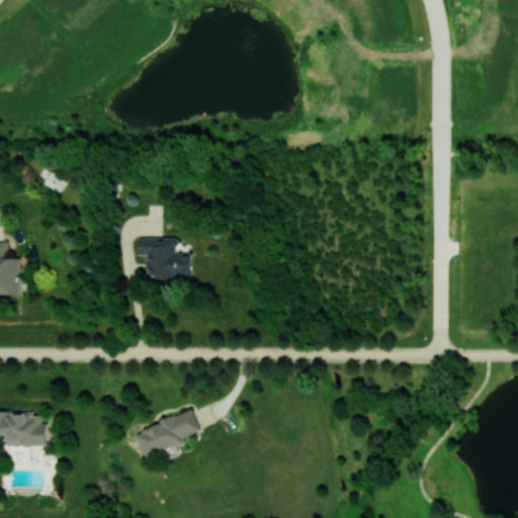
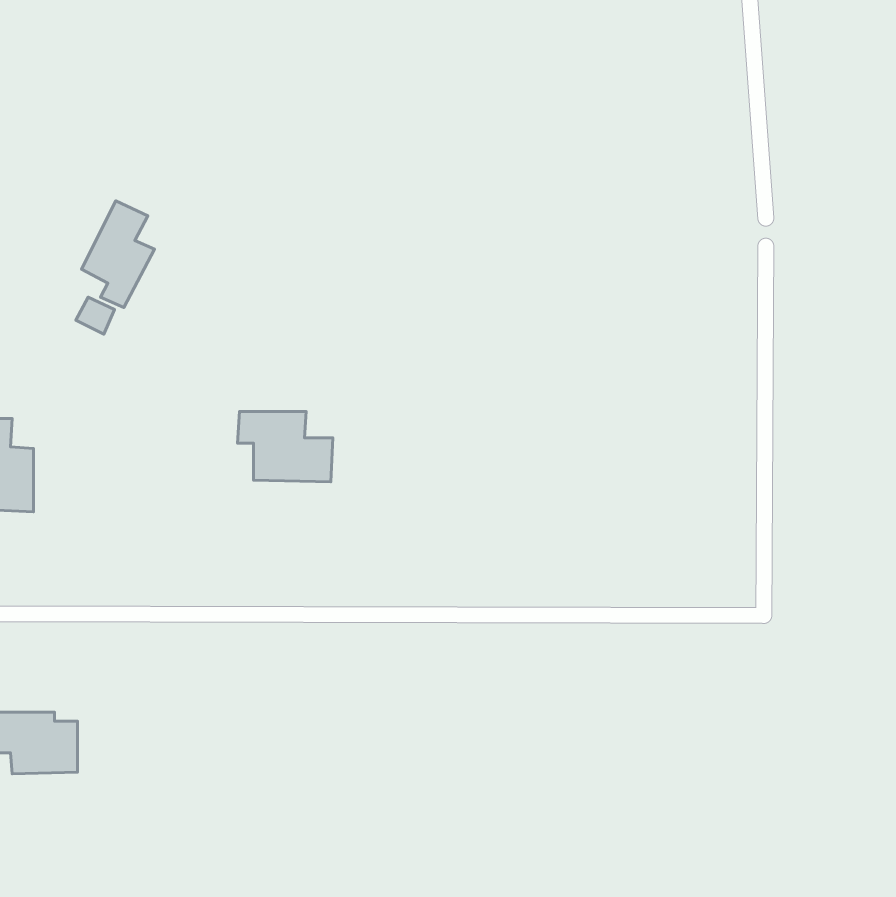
building: none -> [81,201,155,308]
building: [134,410,199,458] -> none

